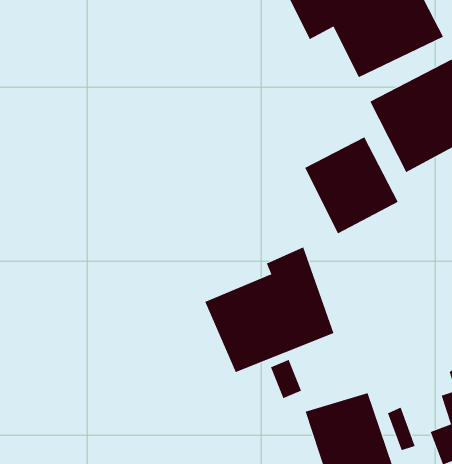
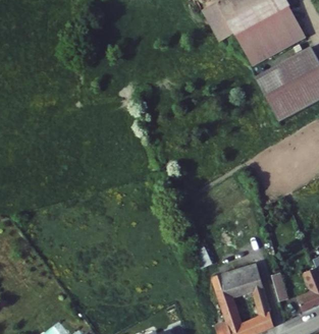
building: [305,137,399,234] -> none
building: [204,247,334,373] -> none

